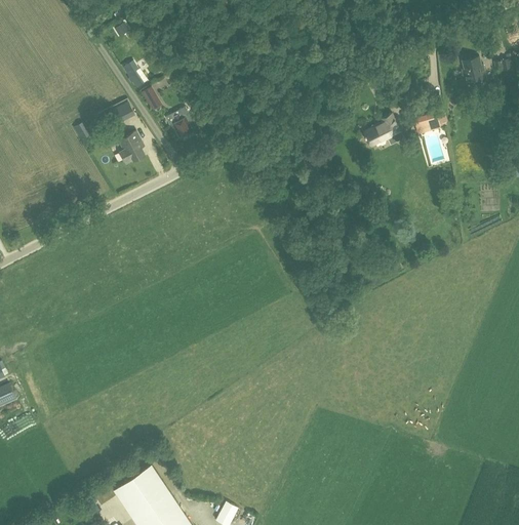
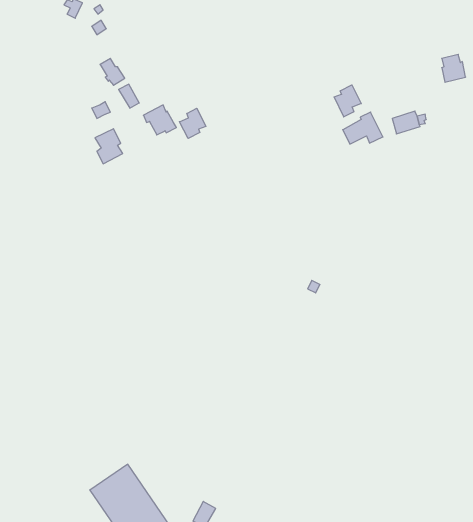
building: none -> [334,85,361,117]
building: none -> [179,108,206,138]

